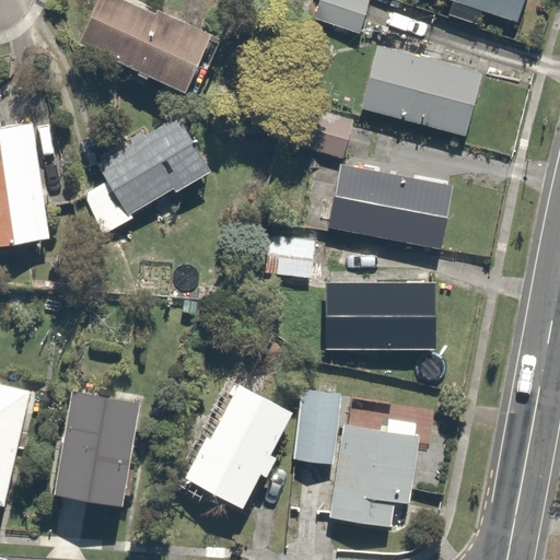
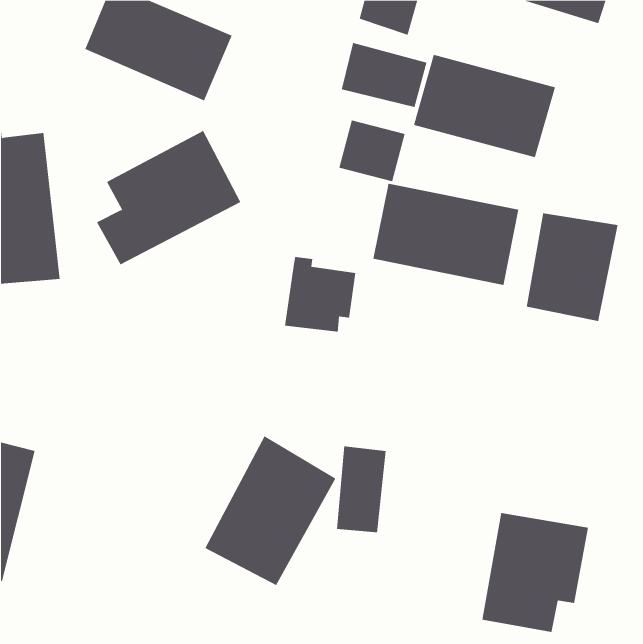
building: none -> [341,42,427,108]
building: none -> [526,213,618,322]
building: [323,281,433,349] -> none
building: [49,389,151,513] -> none
building: [328,425,421,529] -> [481,512,589,632]

